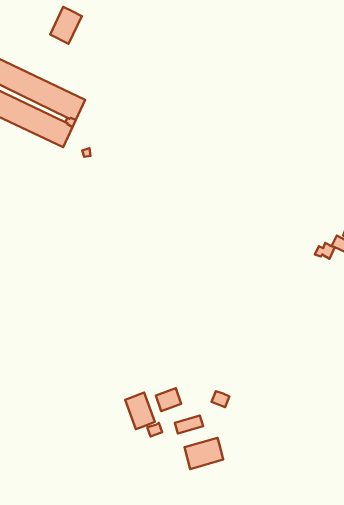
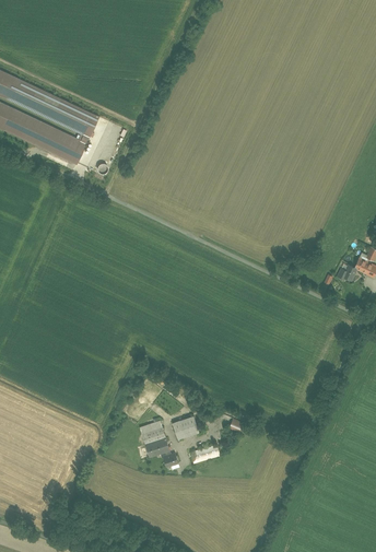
building: [50,7,82,44] -> none
building: [184,438,223,469] -> none

